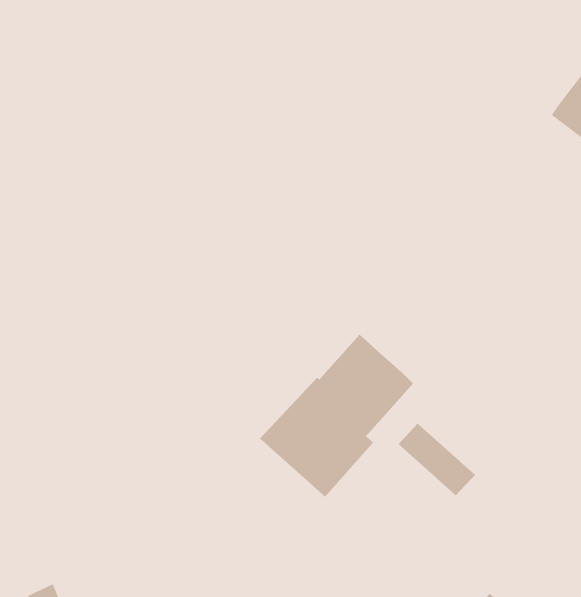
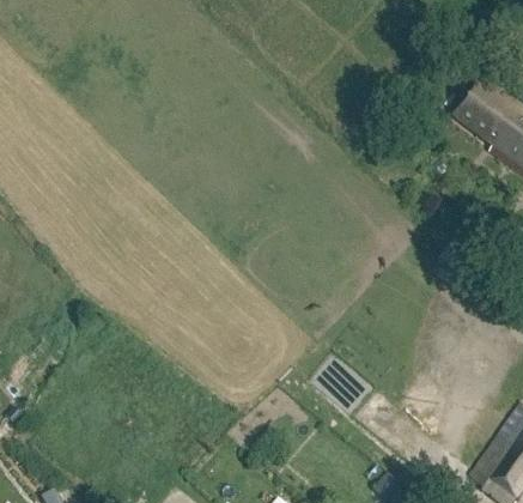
building: [259,334,414,497] -> none

